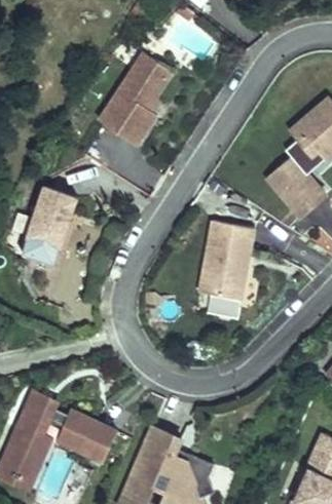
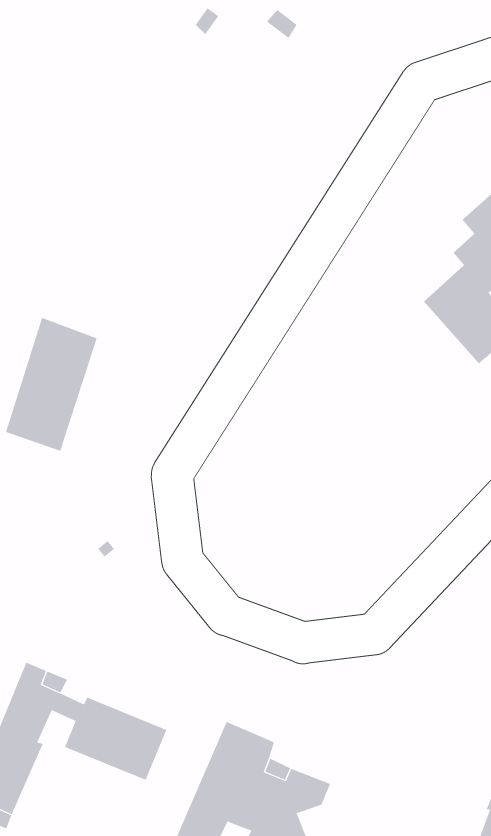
building: [98,53,172,146] -> none
building: [199,221,254,300] -> none

